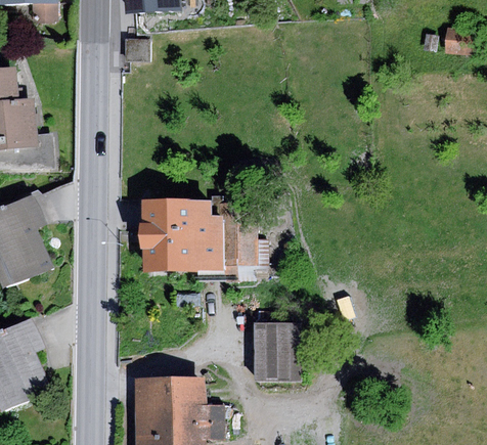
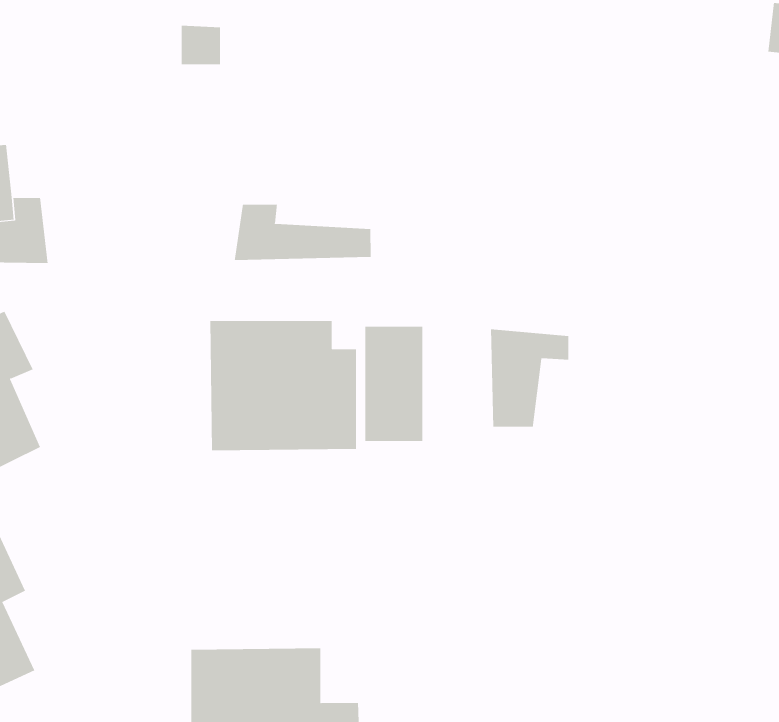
building: none -> [234,204,371,261]
building: none -> [491,329,569,428]
building: [255,322,300,381] -> none

